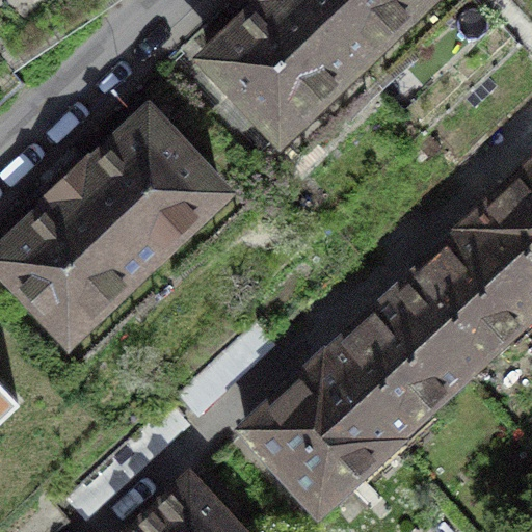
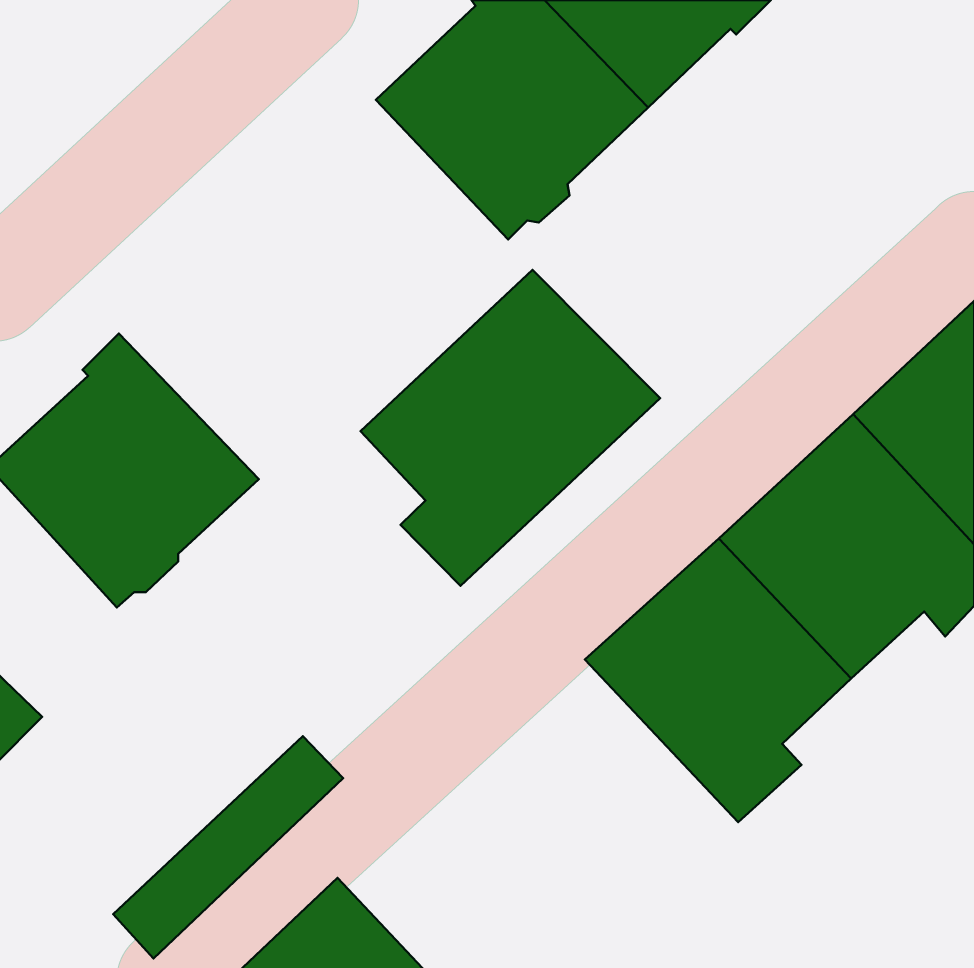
building: [64,118,216,266] -> none
building: none -> [361,270,660,586]
building: [243,364,400,510] -> none

